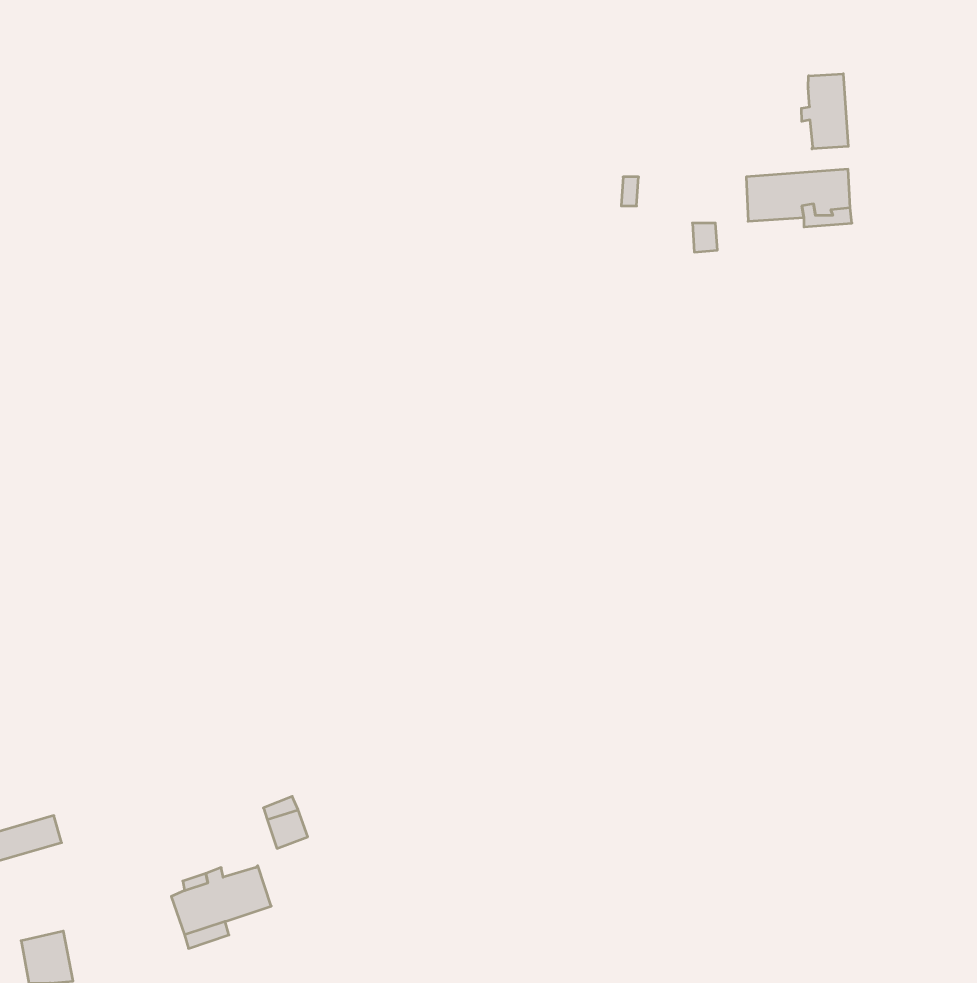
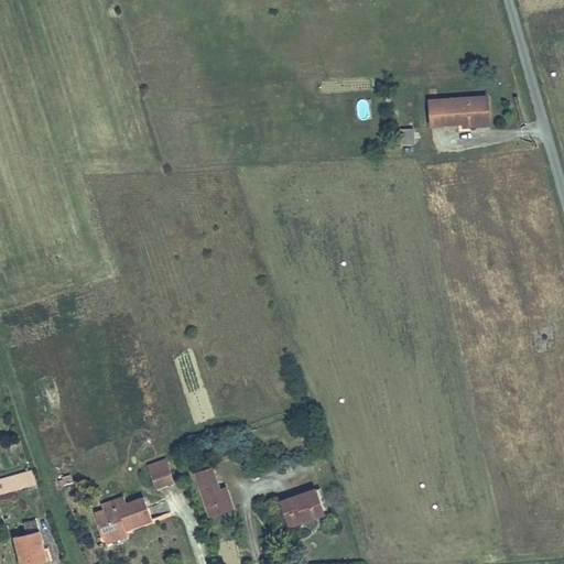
building: [801,74,848,149] -> none
building: none -> [193,469,230,517]
building: none -> [281,492,323,528]

